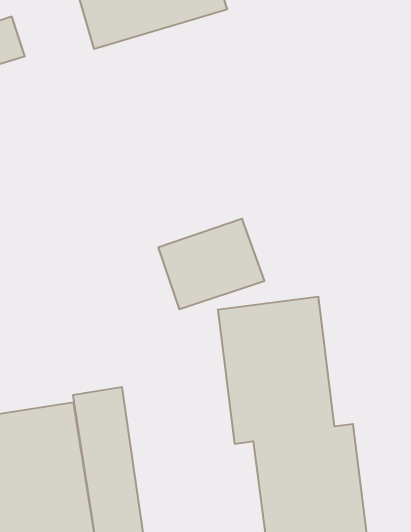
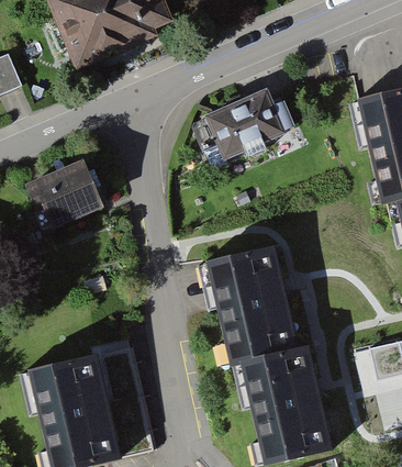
building: none -> [32,160,107,230]
building: [158,219,265,309] -> [194,87,279,162]

